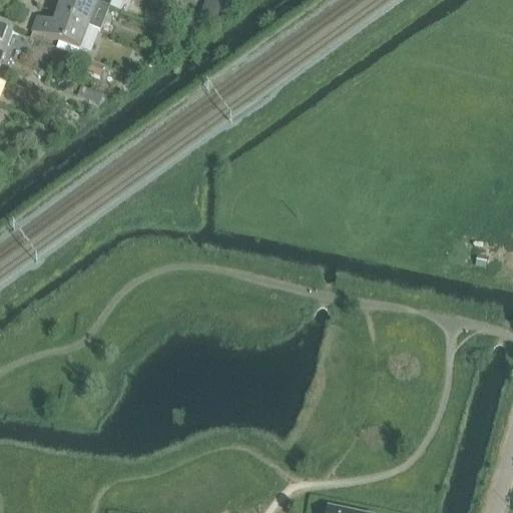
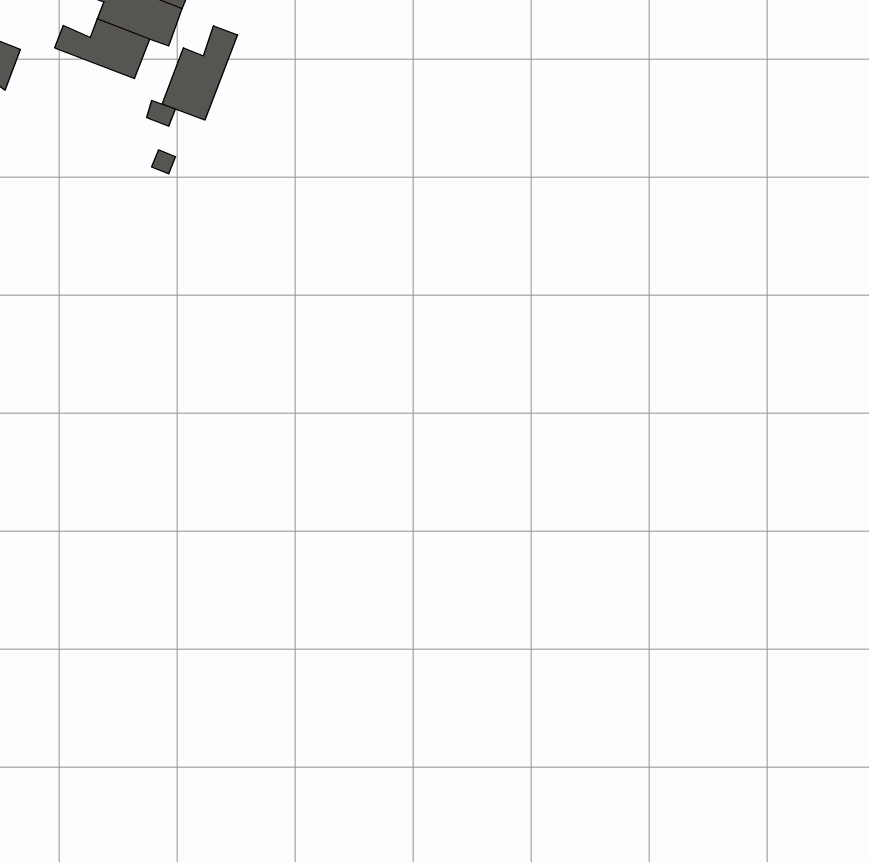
building: none -> [162,26,238,120]

